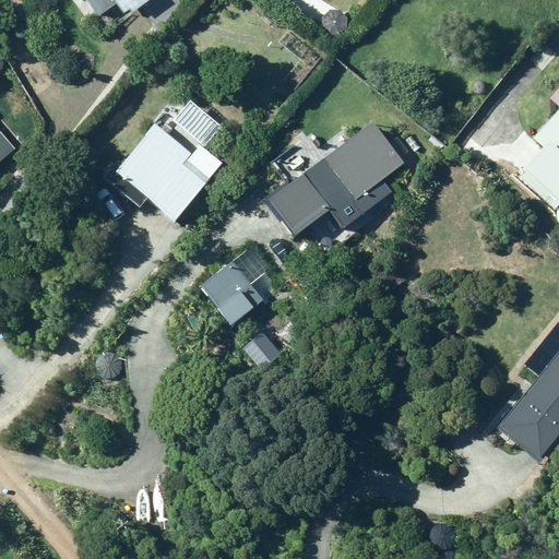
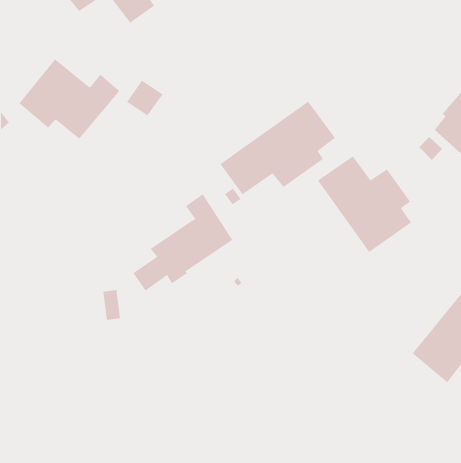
building: [102,123,224,221] -> [19,59,120,139]
building: none -> [317,155,412,253]

